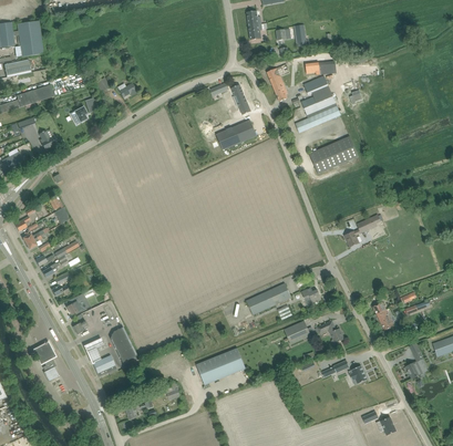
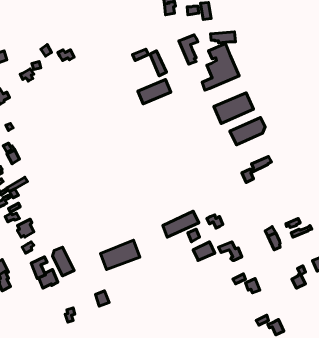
building: none -> [230,118,265,145]
building: [196,348,245,384] -> [100,240,140,270]

